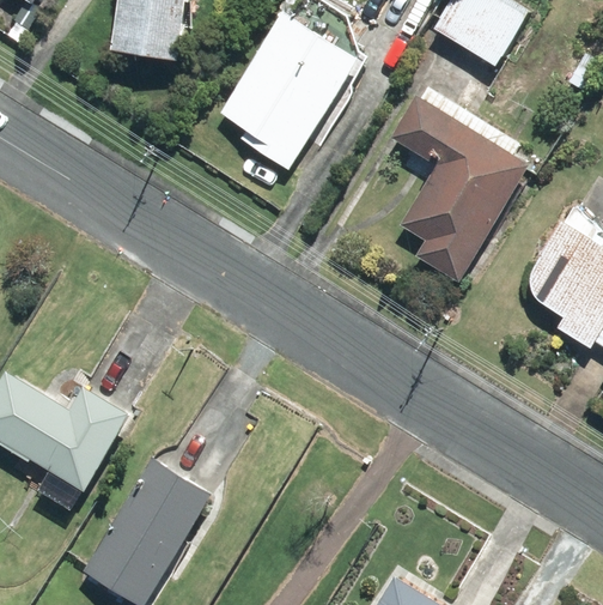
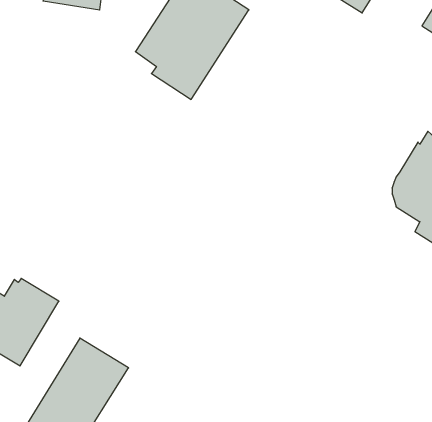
building: [390,87,528,282] -> none

